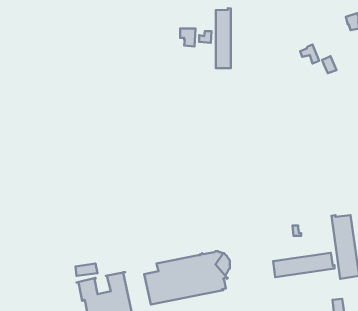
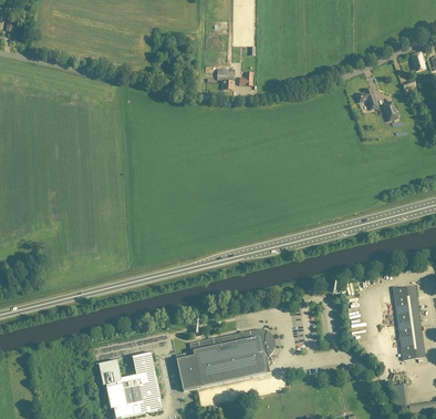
building: [216,8,231,68] -> none
building: [273,253,335,277] -> none

